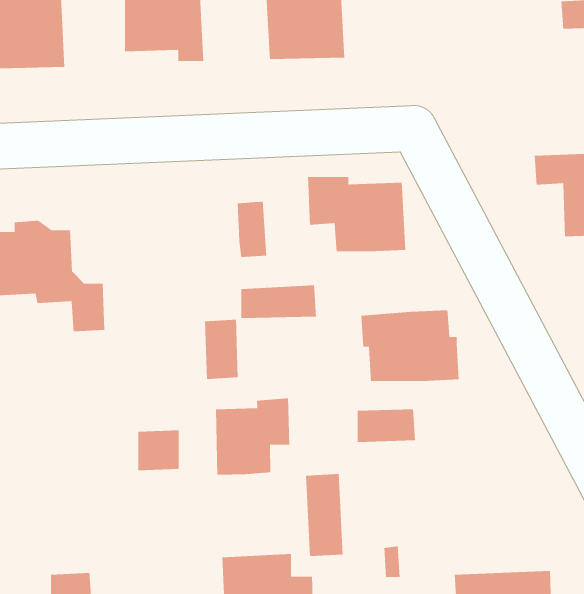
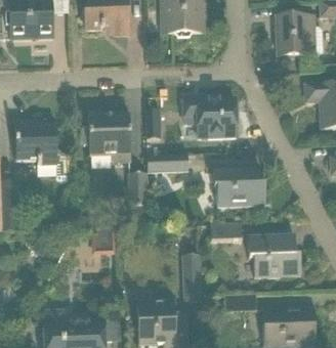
building: none -> [276,14,322,55]
building: none -> [80,111,130,160]
building: [215,397,290,475] -> none
building: none -> [247,236,300,276]

